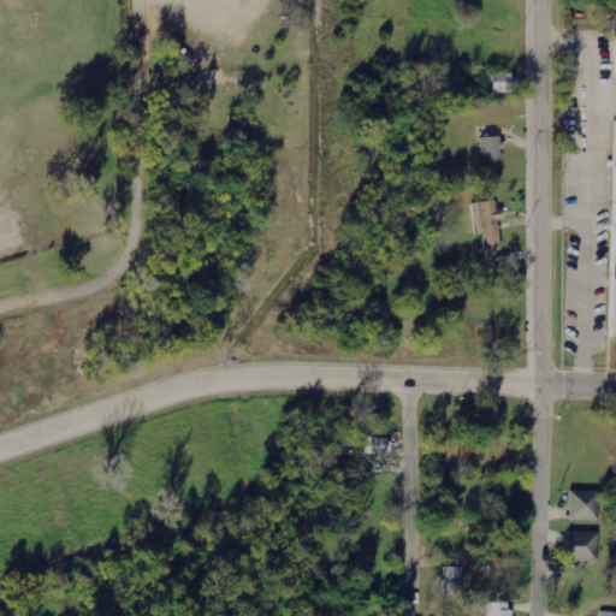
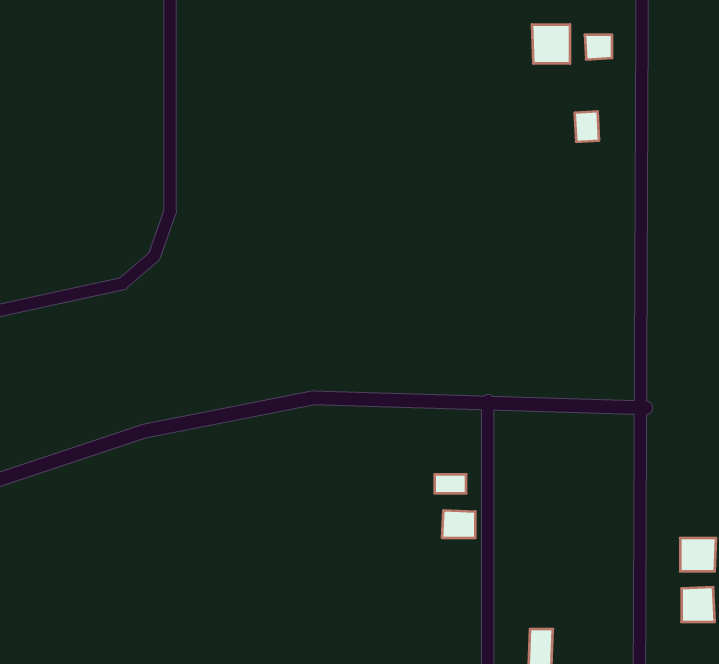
building: none -> [532,24,570,64]
building: [470,200,500,249] -> none
building: none -> [442,510,475,538]

